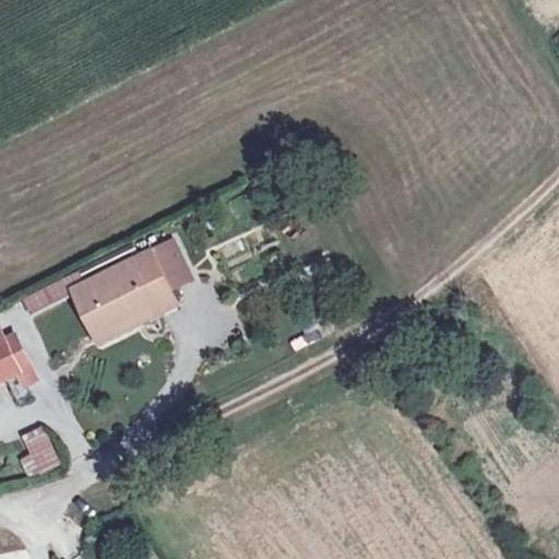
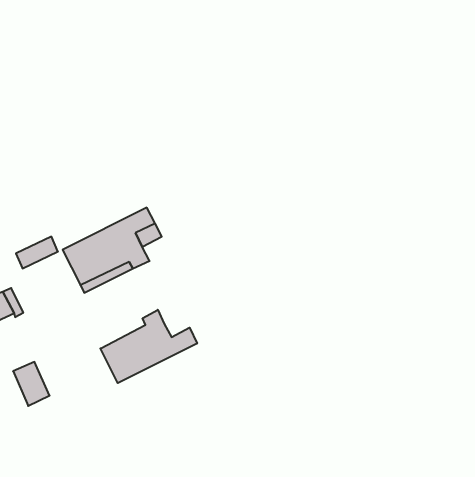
building: none -> [100,310,197,383]

